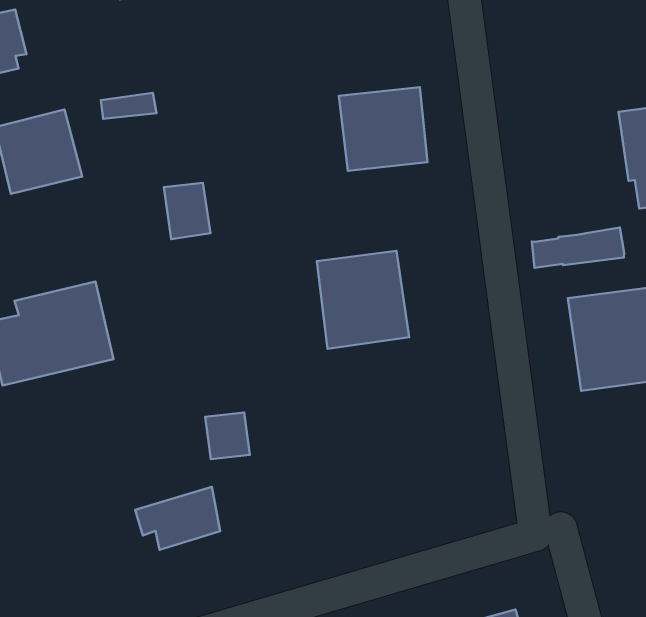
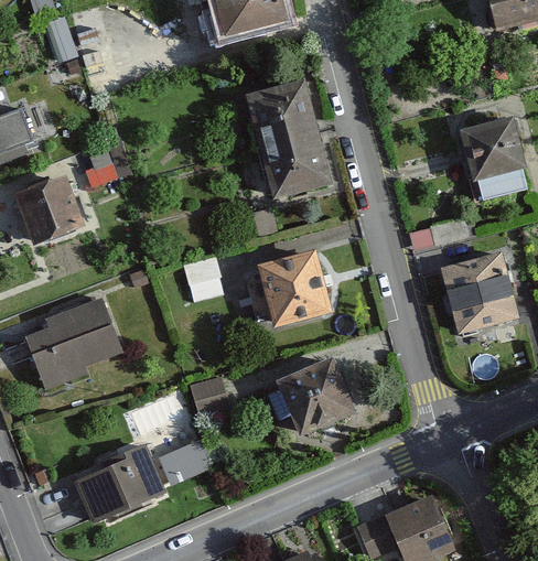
building: none -> [247,82,316,144]
building: [164,183,211,239] -> [184,259,222,302]
building: none -> [278,359,353,434]
building: none -> [76,445,164,522]

